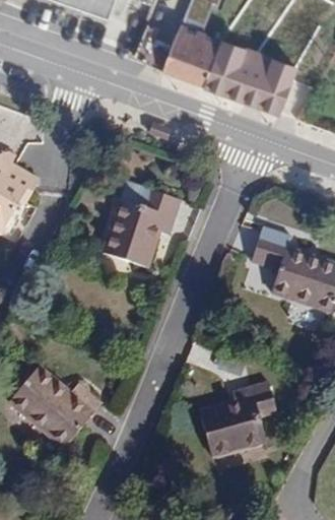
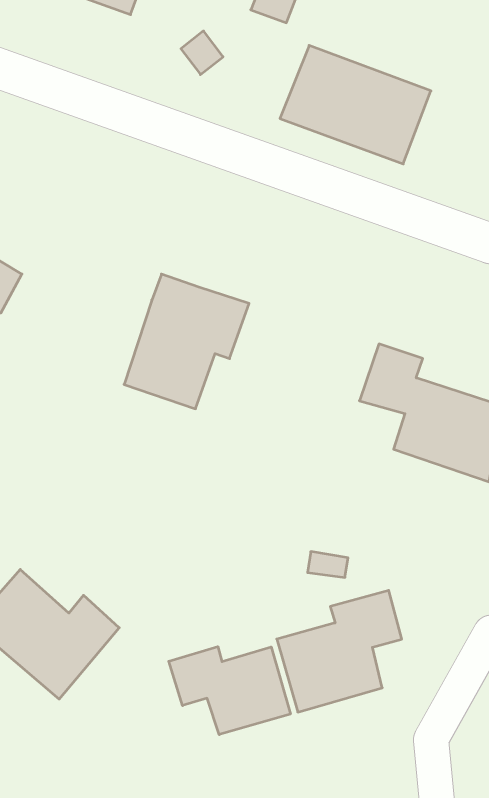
building: [160,23,219,83] -> none
building: none -> [169,647,290,735]

